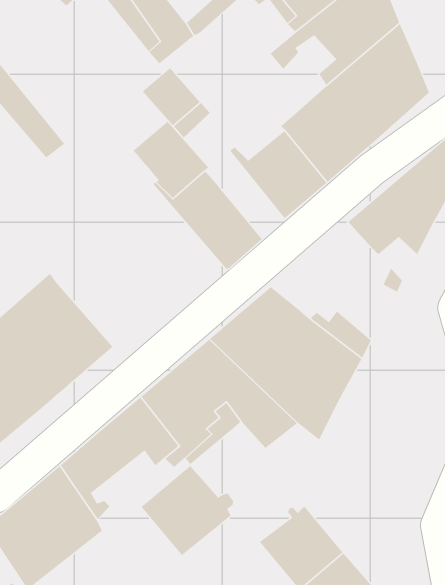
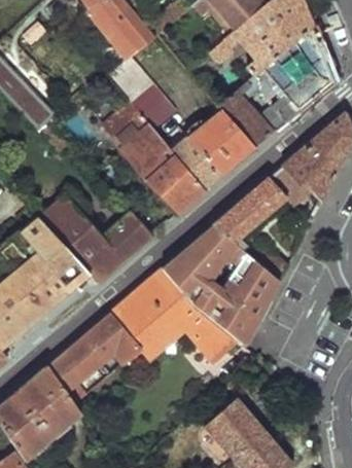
building: none -> [171,124,221,192]
building: none -> [211,179,287,246]
building: none -> [47,206,153,283]
building: [140,465,234,556] -> none

